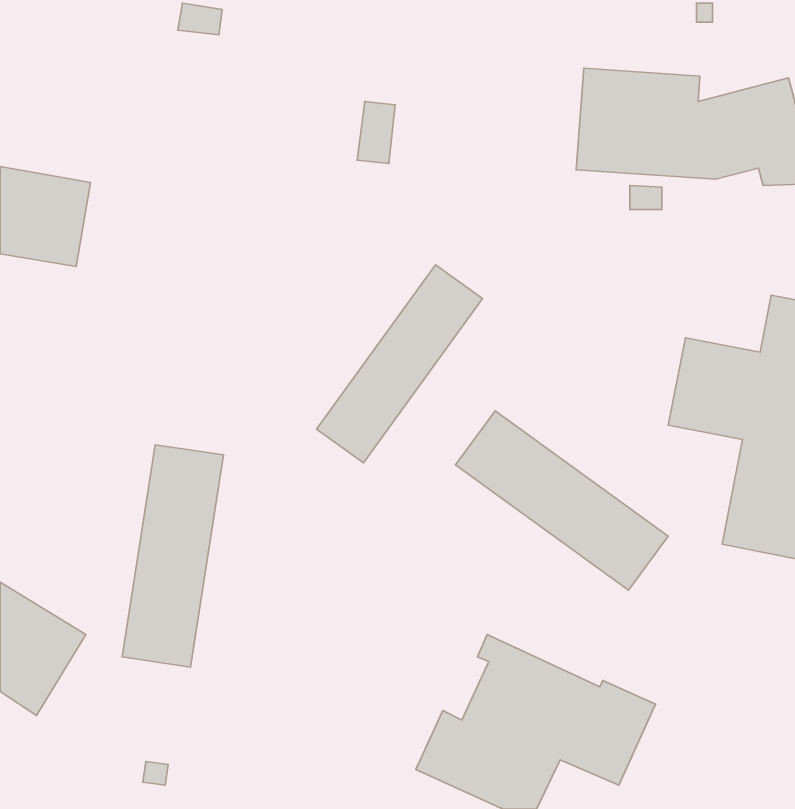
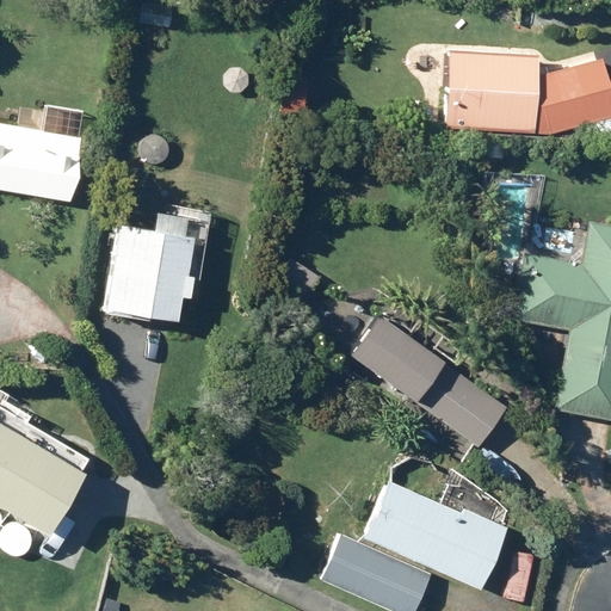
building: [316,265,483,463] -> none
building: none -> [101,216,189,322]
building: [122,445,223,667] -> none

